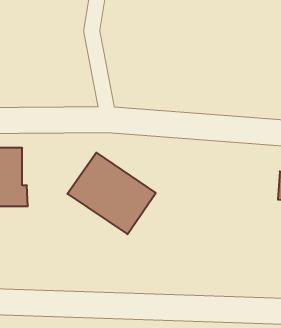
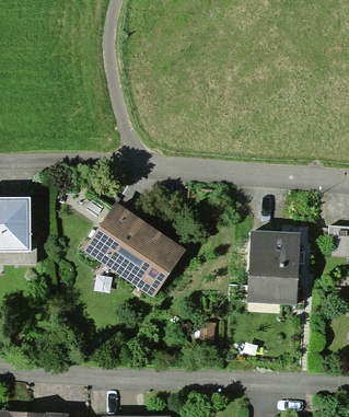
building: none -> [246,231,301,306]

